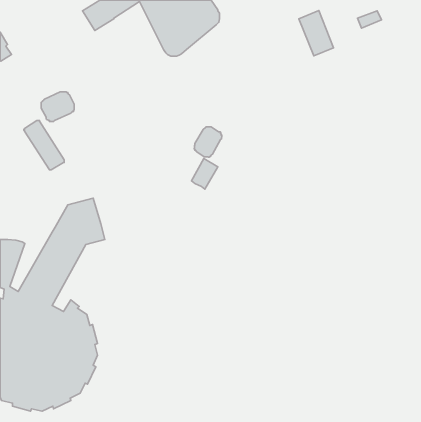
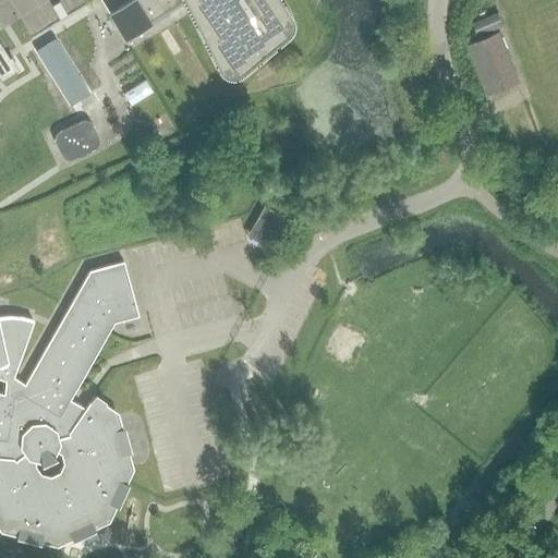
building: [299,11,334,56] -> [472,34,518,94]
building: [24,120,64,170] -> [36,39,89,105]
building: [194,127,222,157] -> none

